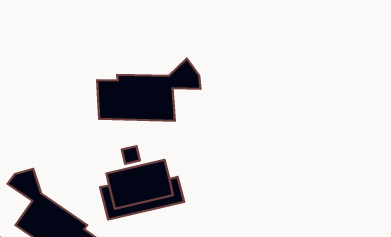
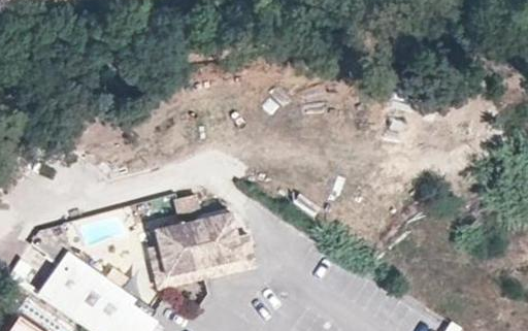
building: [97,58,200,121] -> none

